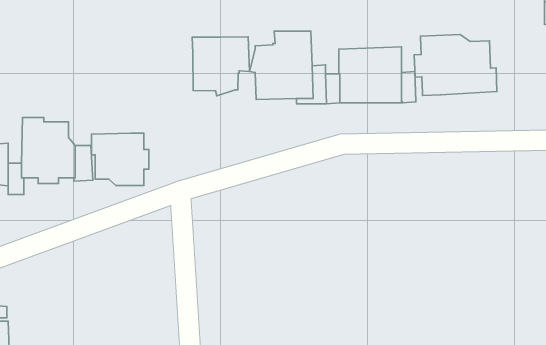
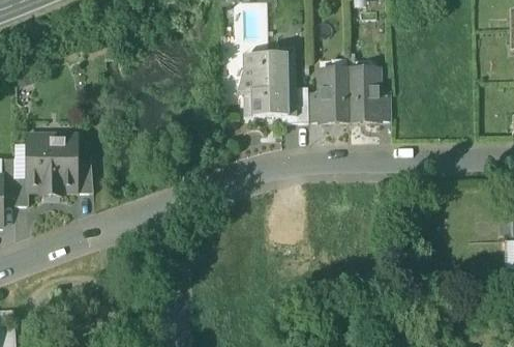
building: [414,35,497,96] -> none
building: [192,37,249,96] -> none
building: [91,133,149,186] -> none

